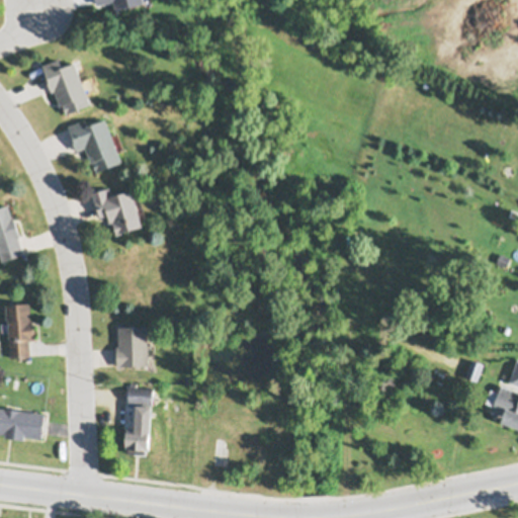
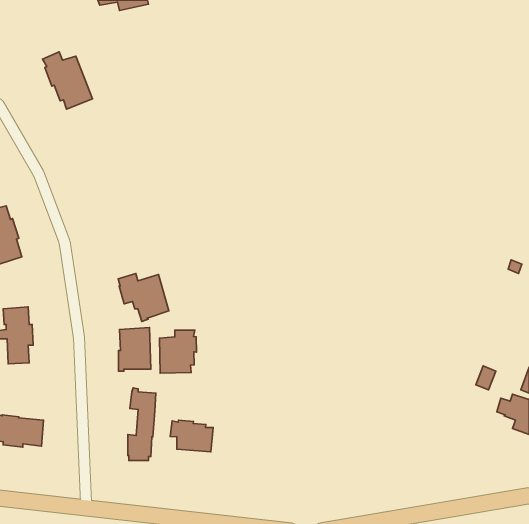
building: [68,116,120,172] -> none
building: [91,188,141,235] -> [118,274,169,321]
building: none -> [159,330,196,373]
building: none -> [170,420,213,452]

